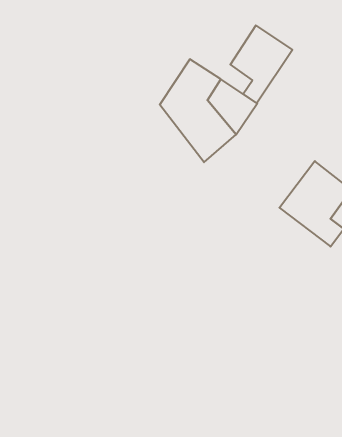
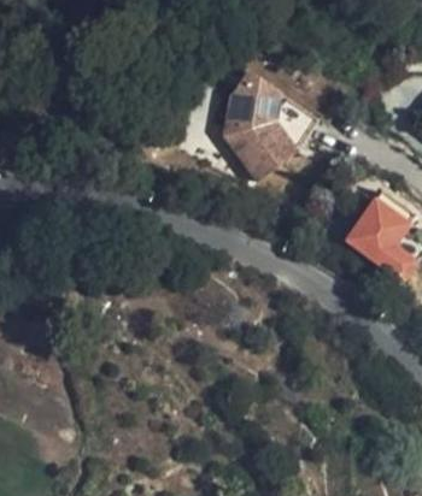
building: [230,25,292,103] -> none

